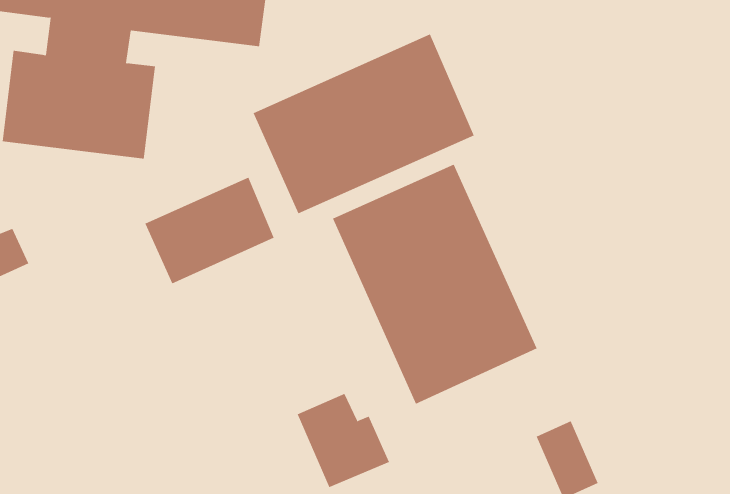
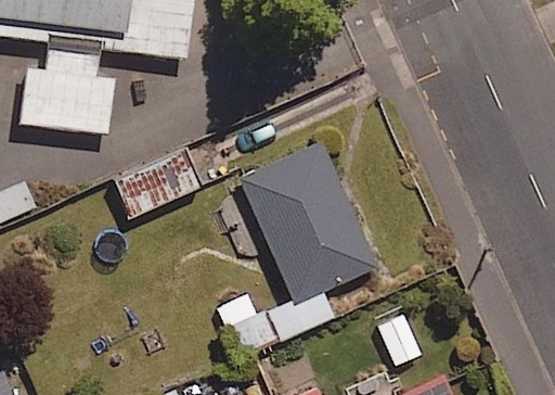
building: [253,33,474,214] -> none

